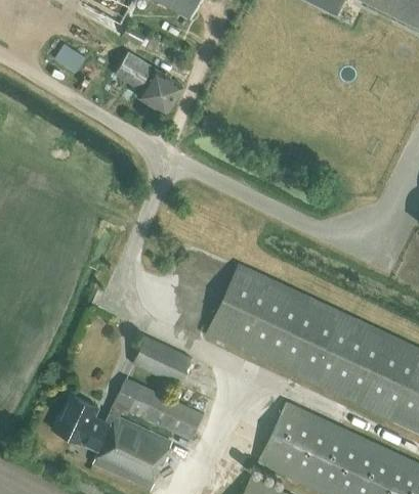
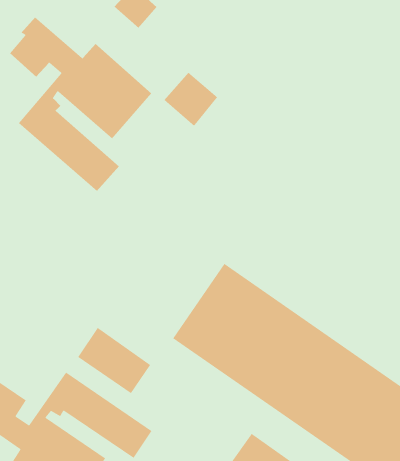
building: [137,71,181,115] -> [164,72,218,127]
building: none -> [9,16,152,192]

